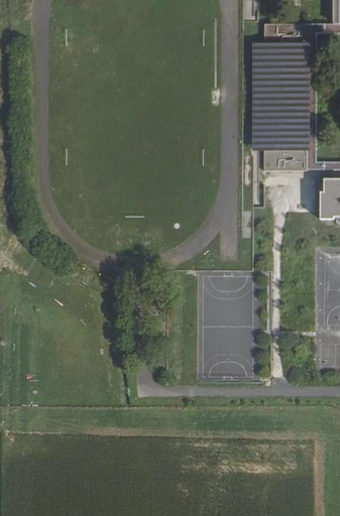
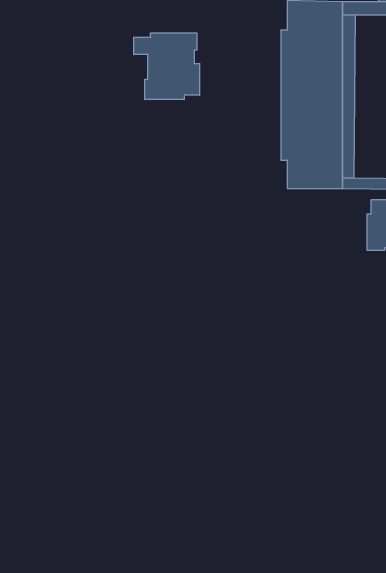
building: none -> [134,33,200,100]

